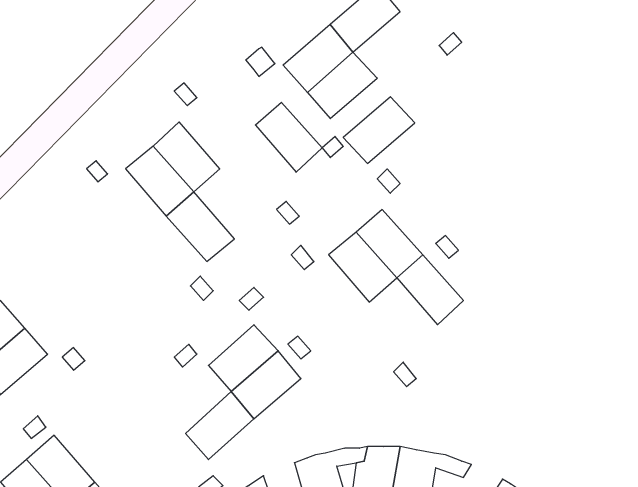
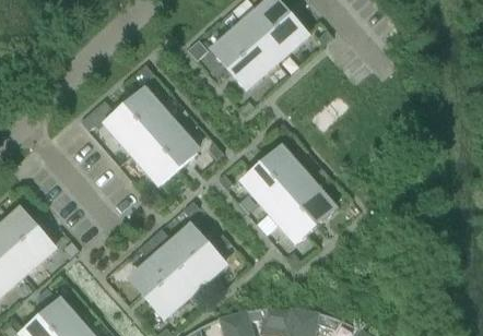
building: [343,97,415,163] -> [259,15,307,60]
building: [255,102,322,172] -> [152,121,197,168]
building: none -> [270,194,316,241]
building: none -> [130,253,177,299]

